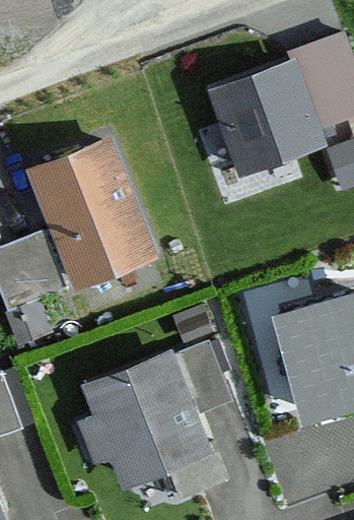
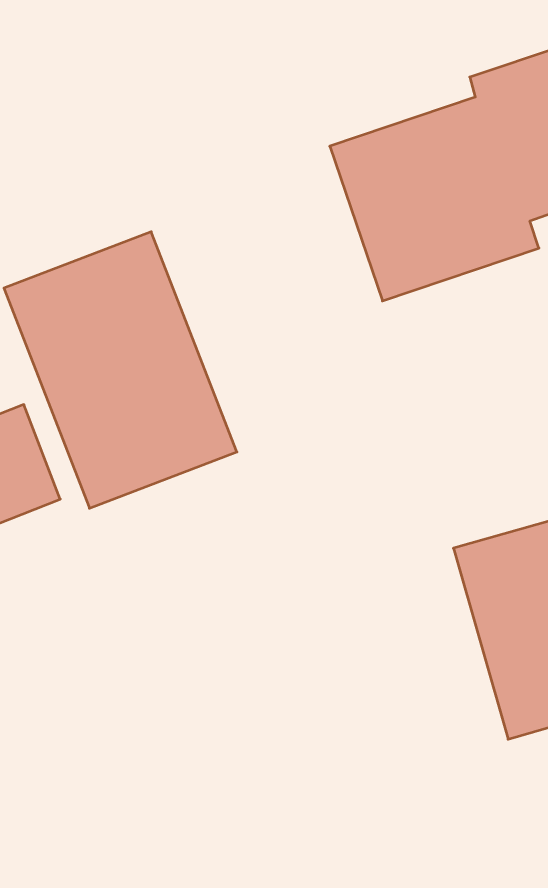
building: [81,350,209,489] -> none

